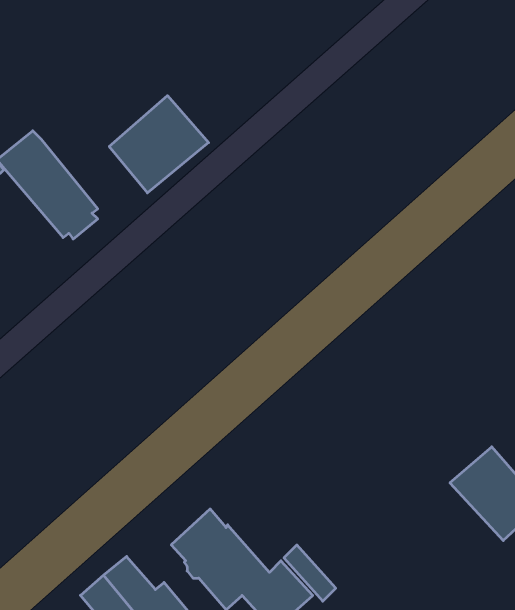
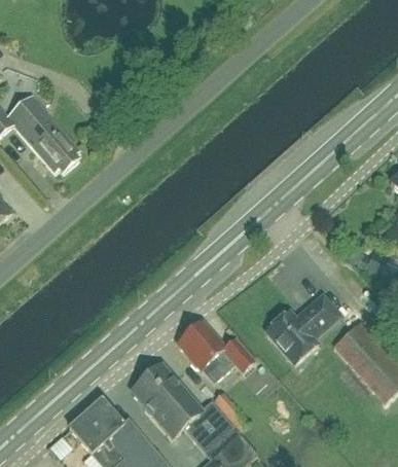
building: [109,96,209,193] -> none
building: none -> [266,294,340,363]
building: none -> [177,320,255,381]

